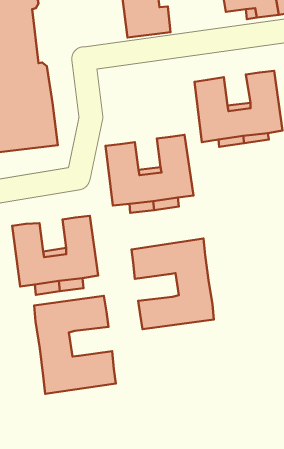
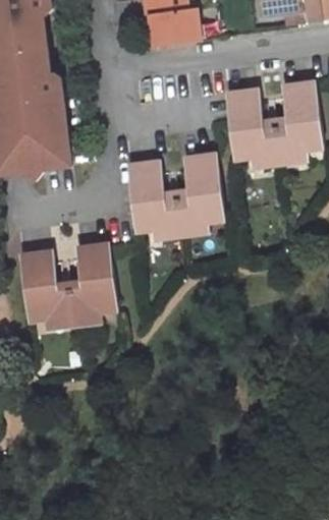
building: [132,239,214,329] -> none
building: [34,296,116,394] -> none

